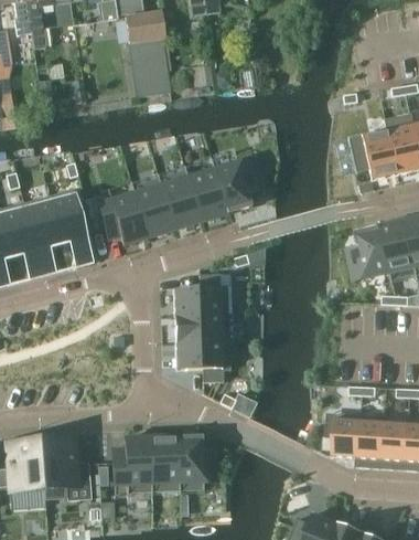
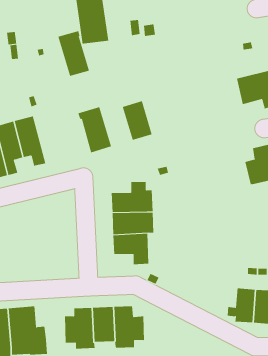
building: [214,157,259,213] -> none
building: [159,169,201,229] -> [57,31,90,77]
building: [97,193,147,244] -> none

